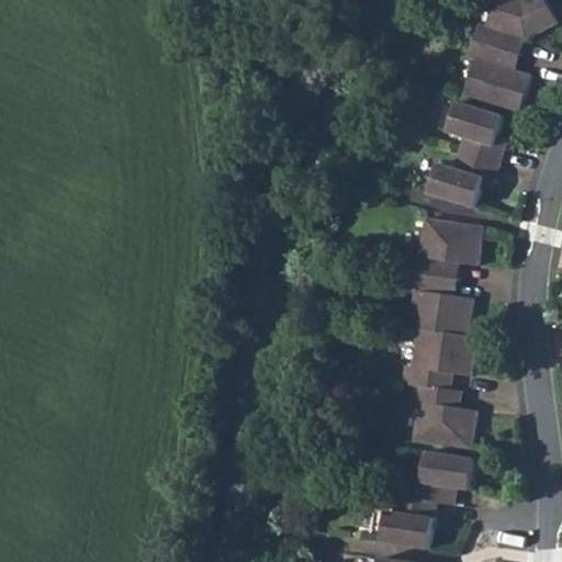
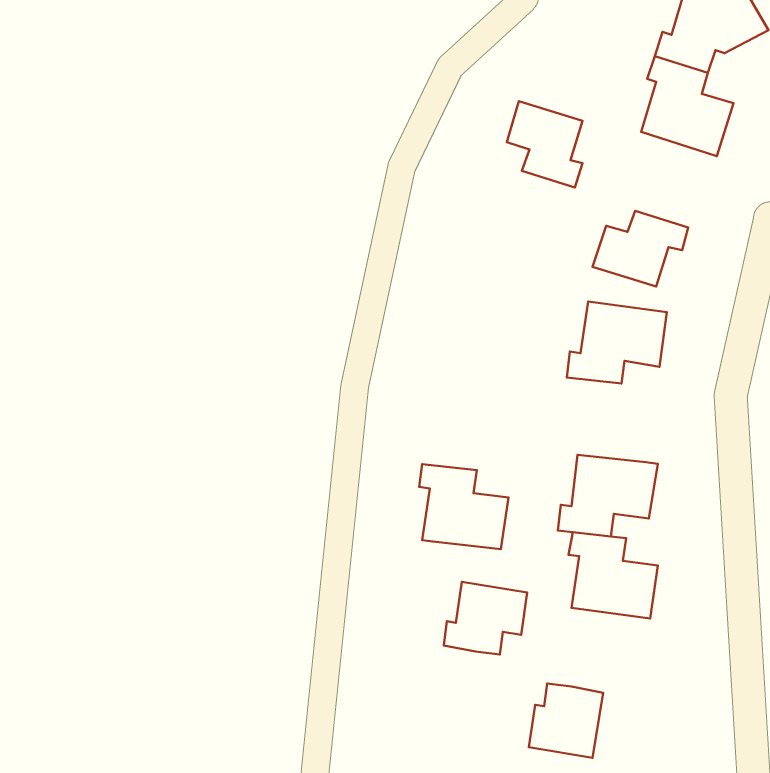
building: [449,102,504,165] -> [507,101,583,187]
building: [408,273,473,335] -> [419,464,509,549]
building: [414,451,474,504] -> [444,582,527,655]

